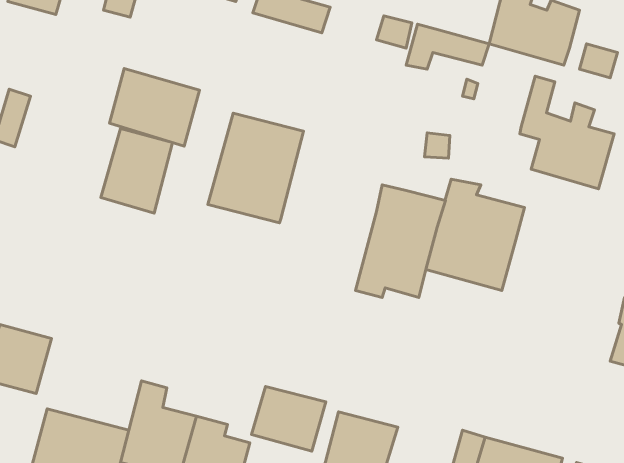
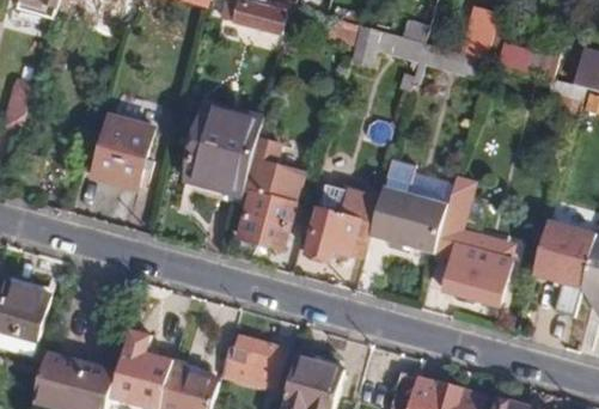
building: [109,69,200,146] -> none
building: [520,76,614,189] -> [432,209,512,305]
building: none -> [238,140,310,250]

